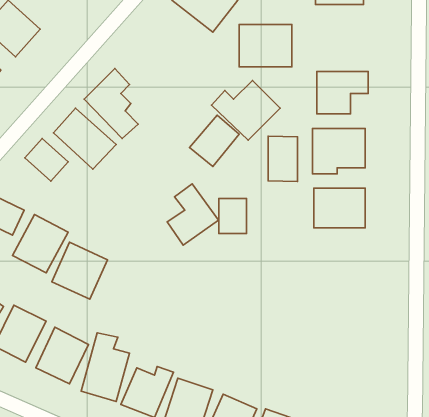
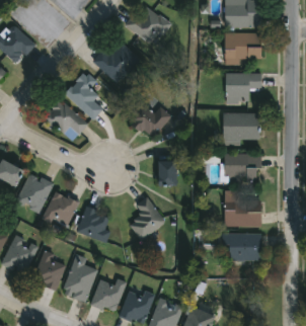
building: [239,25,292,67] -> [225,32,261,62]
building: [212,80,280,140] -> [93,43,141,84]
building: [268,136,298,181] -> none
building: [25,138,68,181] -> none
building: [167,184,218,245] -> [130,196,165,239]
building: none -> [225,199,261,226]
building: none -> [77,207,113,241]
building: none -> [223,233,261,260]

